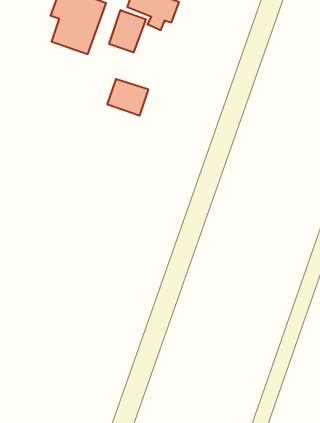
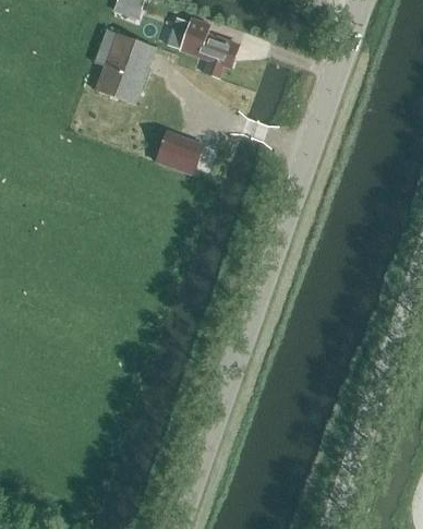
building: [109,10,146,52] -> none

